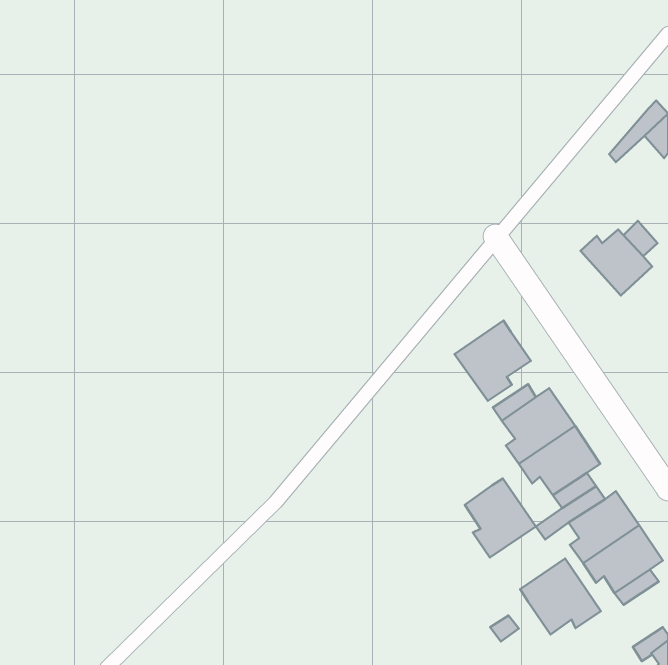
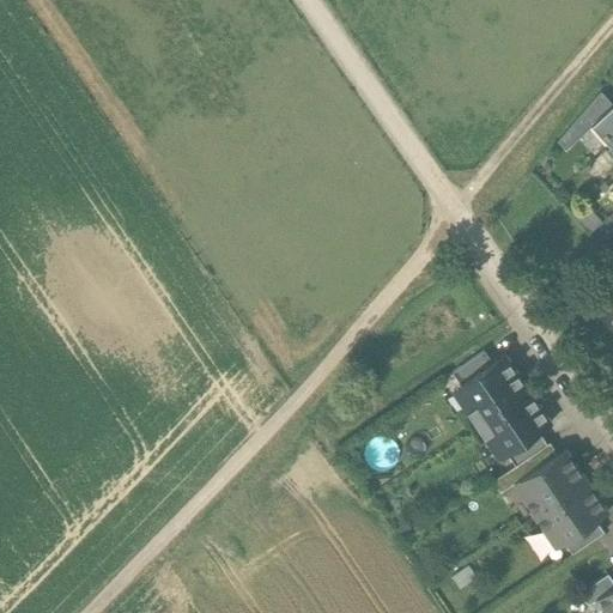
building: [580,229,652,295] -> none
building: [455,321,531,401] -> none
building: [465,478,536,558] -> none
building: [520,558,601,634] -> none

